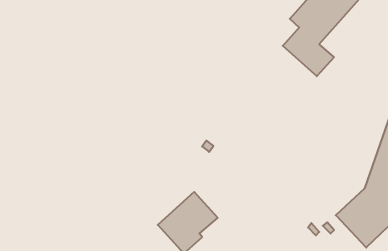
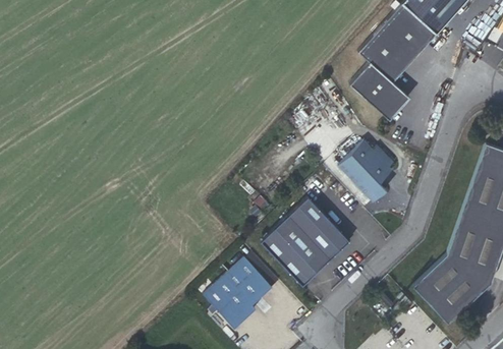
building: none -> [340,140,395,202]
building: none -> [263,196,353,284]

